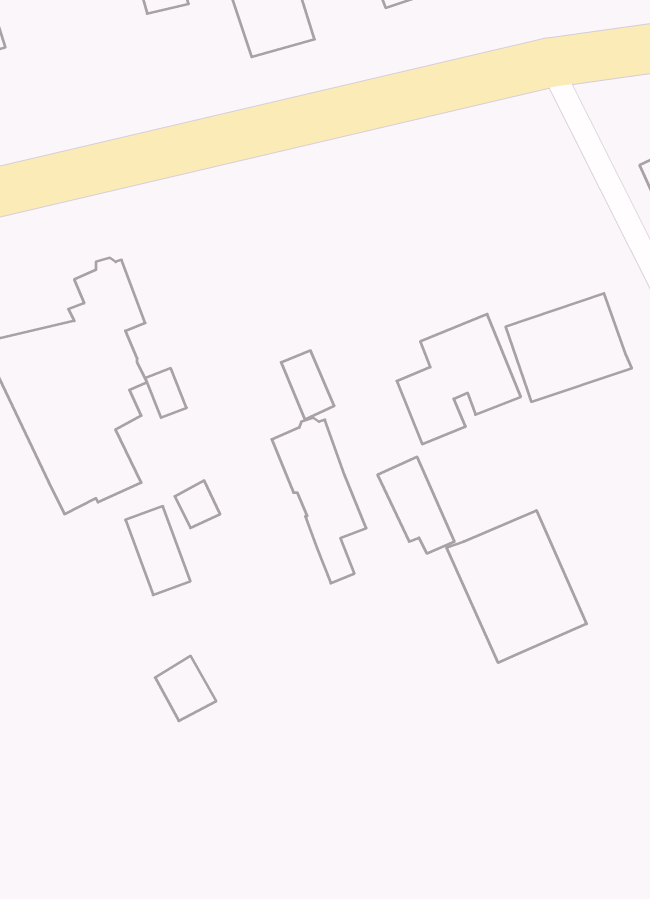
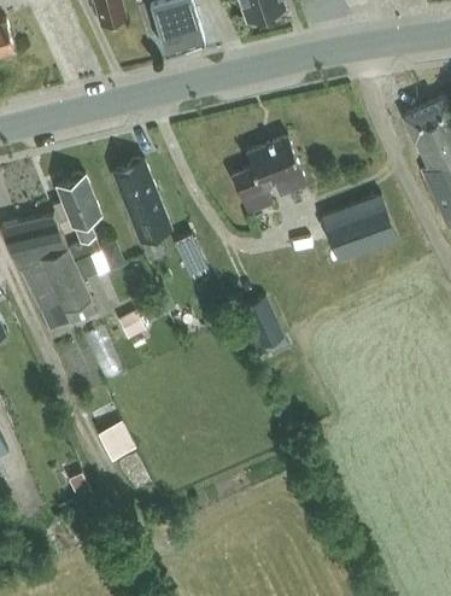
building: [397,314,521,444] -> [232,136,308,216]
building: [272,418,366,583] -> [112,160,170,262]
building: [447,510,587,663] -> none

